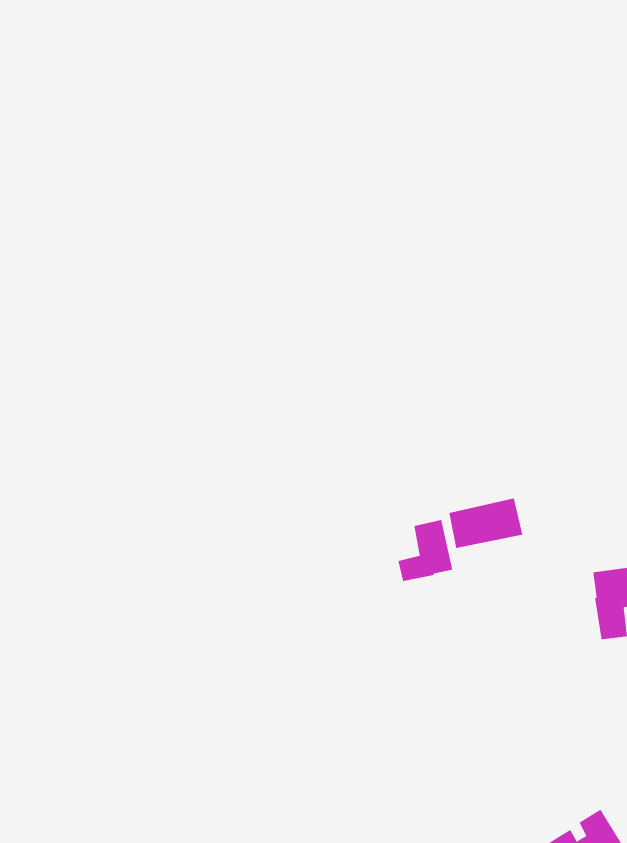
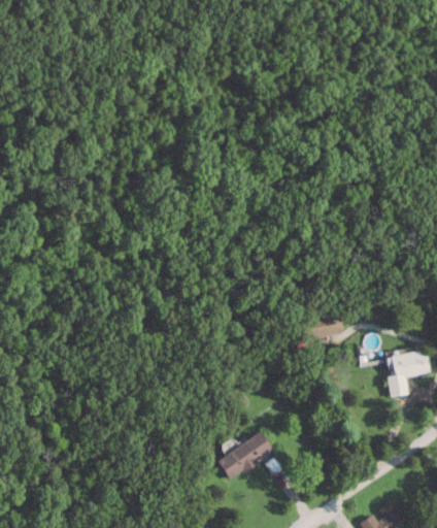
building: [398,519,453,582] -> none
building: none -> [218,431,274,481]

